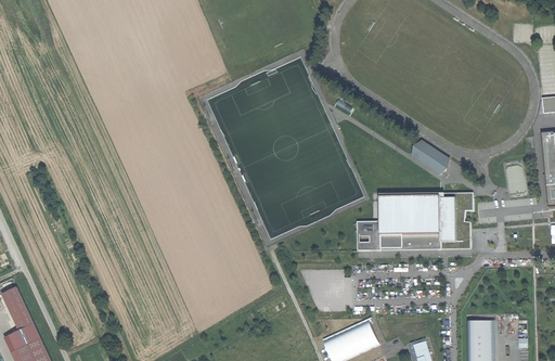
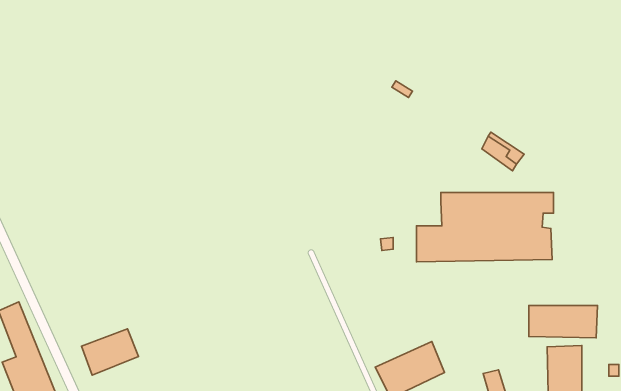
building: none -> [529,305,597,338]
building: none -> [81,329,139,375]

